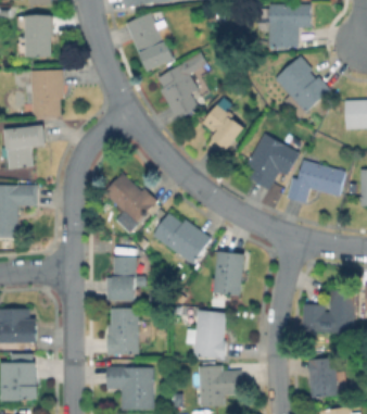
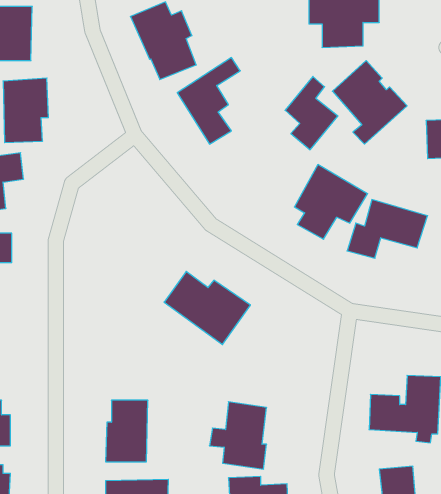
building: [203,100,242,154] -> [285,76,338,150]
building: [104,173,160,223] -> none
building: [214,251,245,296] -> none
building: [105,256,136,300] -> none

